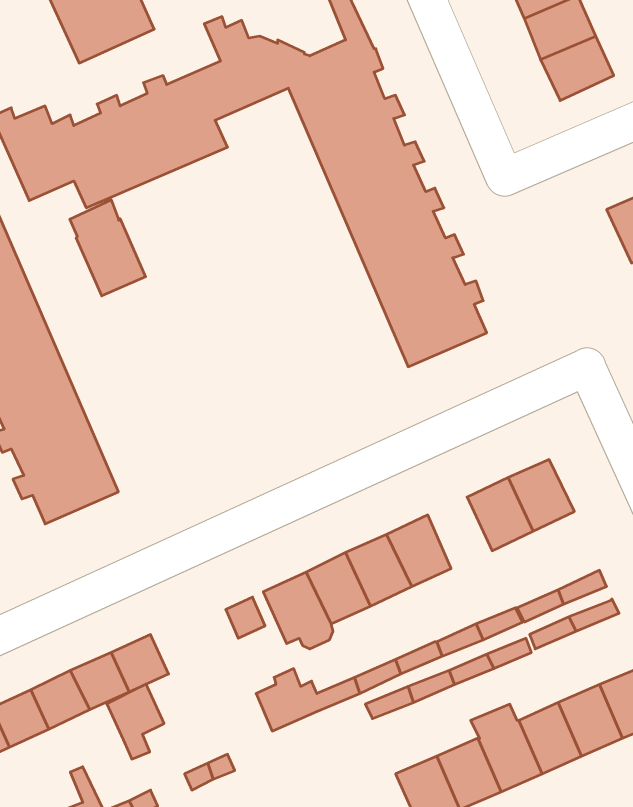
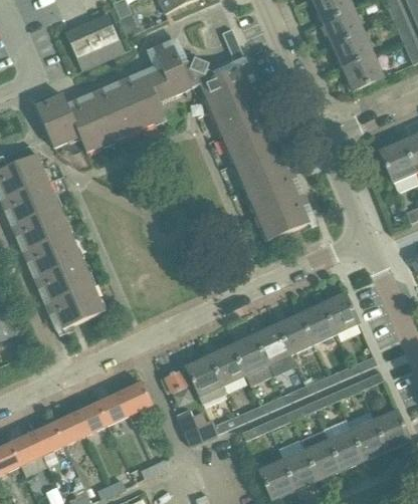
building: [70,200,146,296] -> none
building: none -> [277,314,314,354]
building: [107,684,164,759] -> [122,381,154,423]

